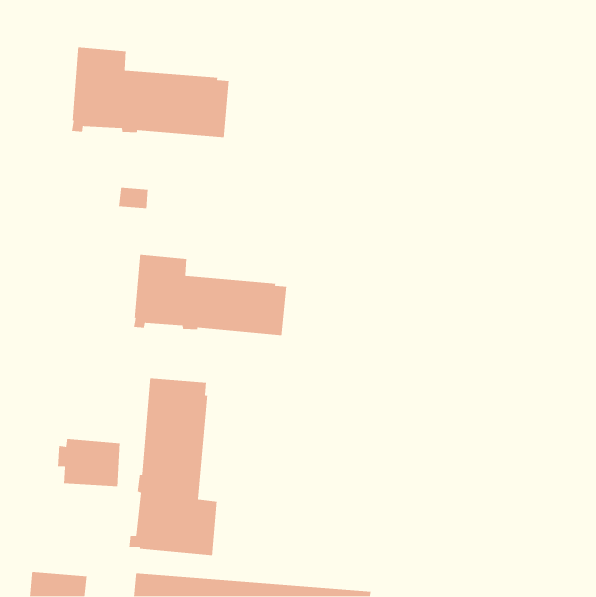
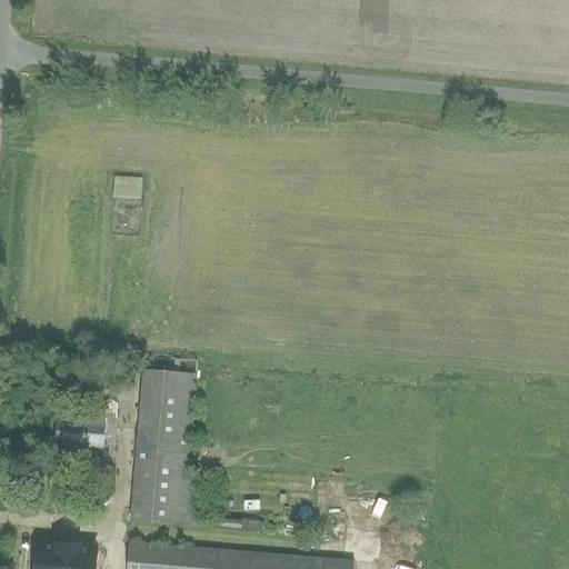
building: [71,46,229,138] -> none
building: [133,254,287,336] -> none

